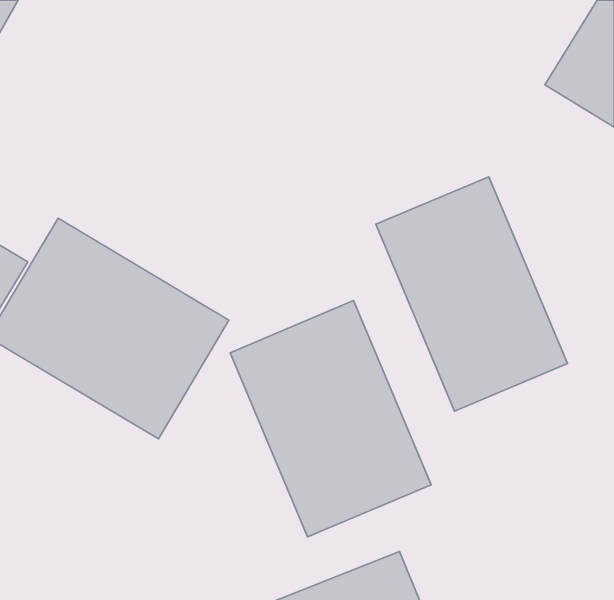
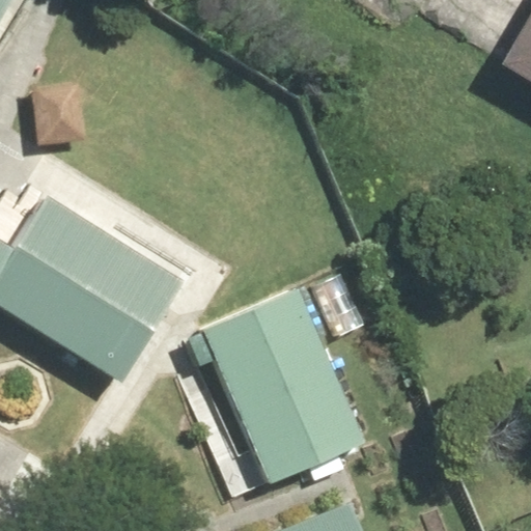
building: [376,177,567,411] -> none

